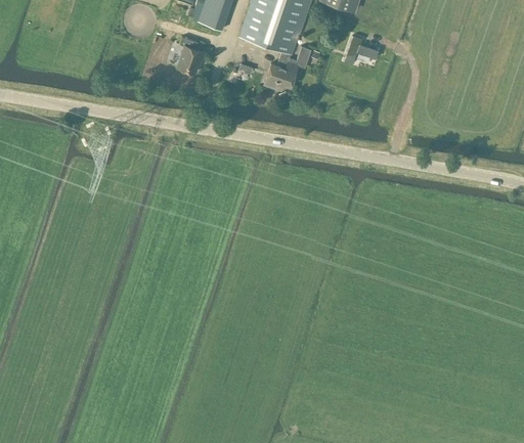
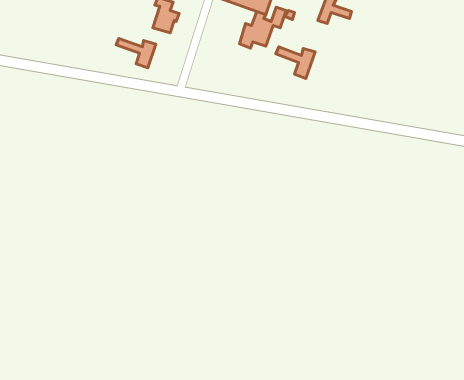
building: none -> [116,39,156,68]
building: none -> [276,47,315,78]

